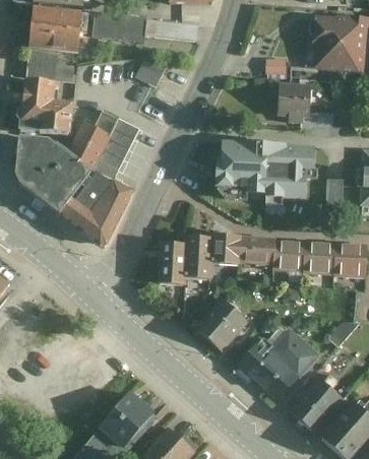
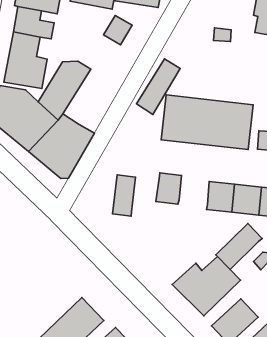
building: [281,79,315,115] -> none
building: [91,117,140,184] -> [137,59,180,114]
building: [238,236,272,268] -> none
building: [182,238,212,284] -> none
building: none -> [216,224,262,270]
building: [195,299,248,352] -> none

